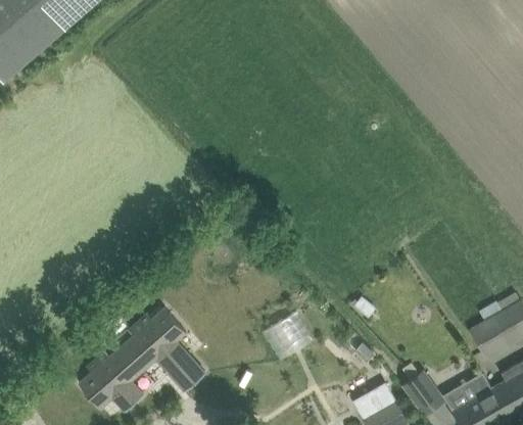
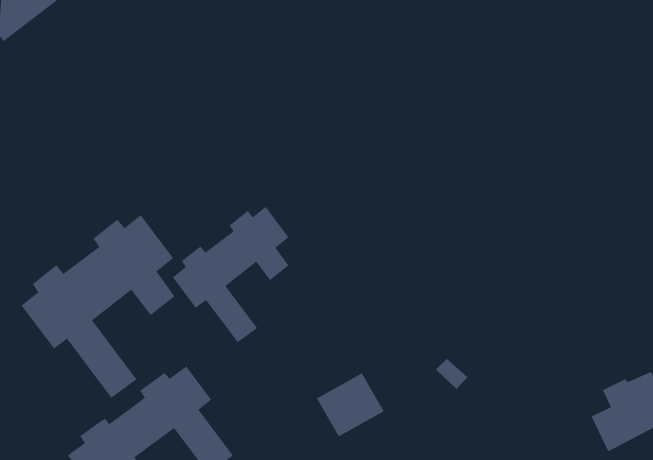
building: none -> [172,206,290,343]
building: none -> [21,214,175,399]

